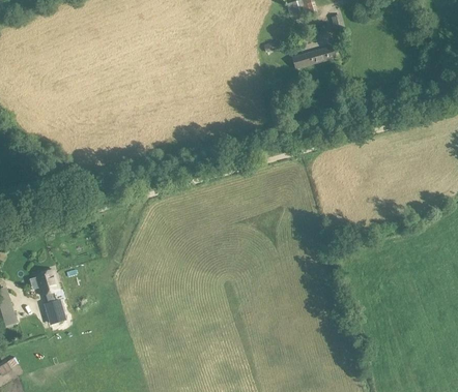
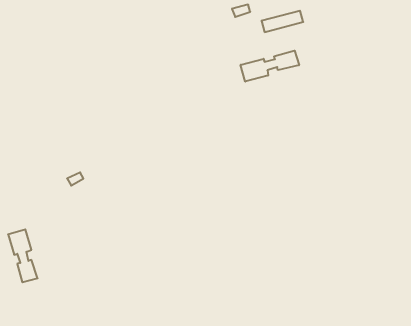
building: none -> [241,51,299,82]

